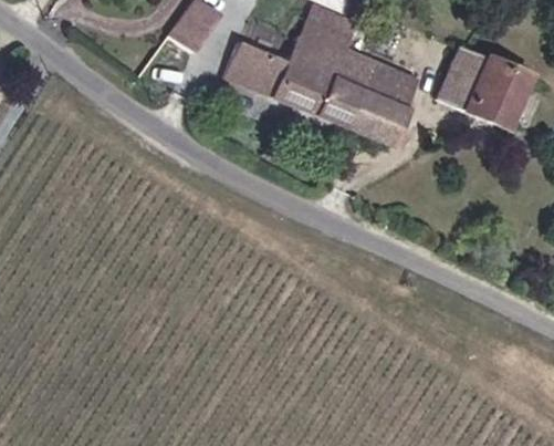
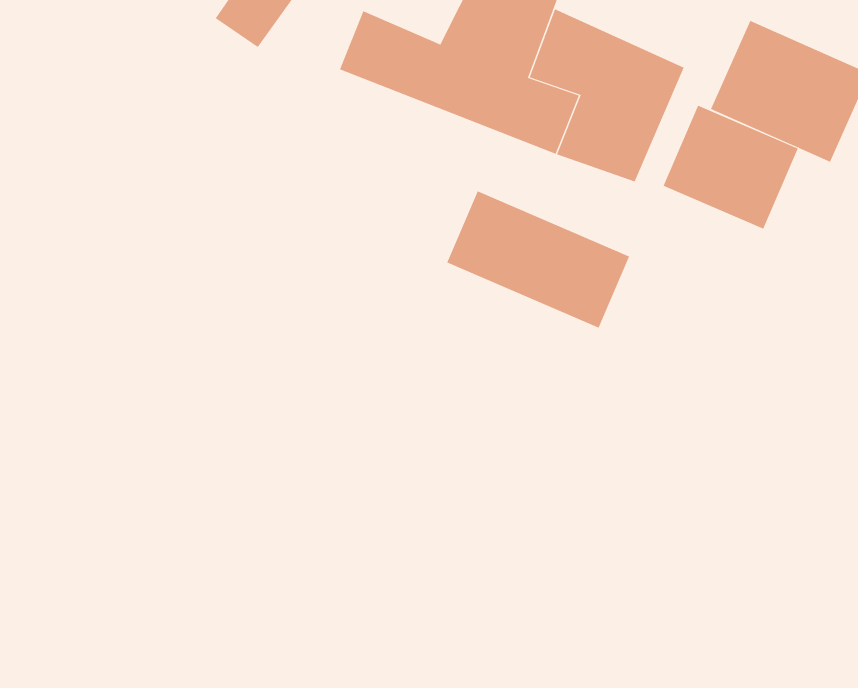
building: none -> [663,105,798,230]
building: none -> [447,191,630,329]

